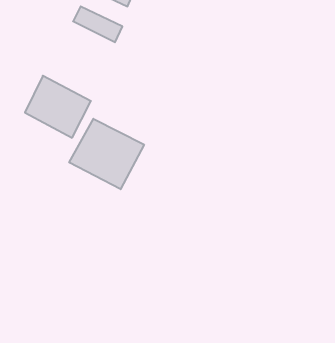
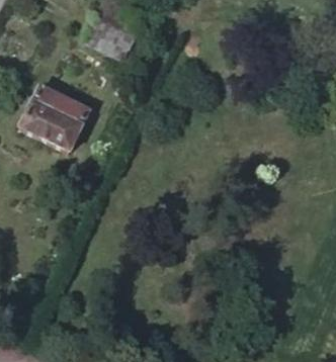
building: [69,119,144,189] -> none

